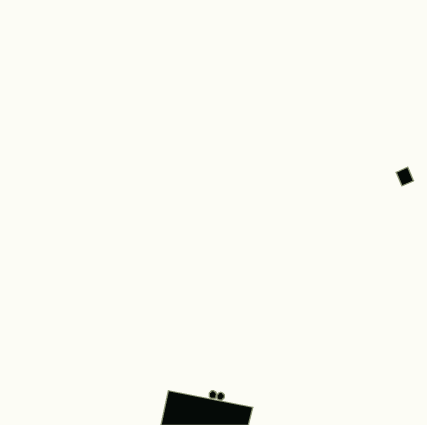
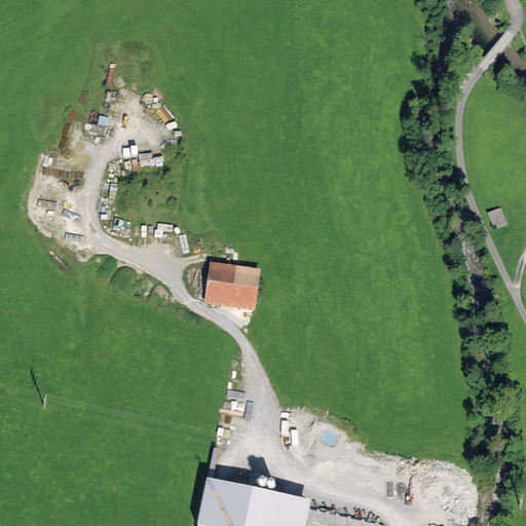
building: none -> [203,264,259,308]

